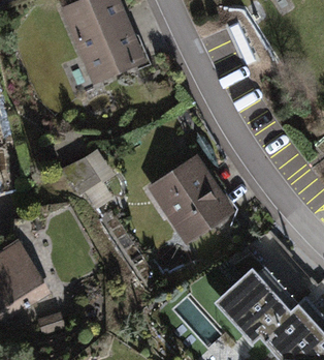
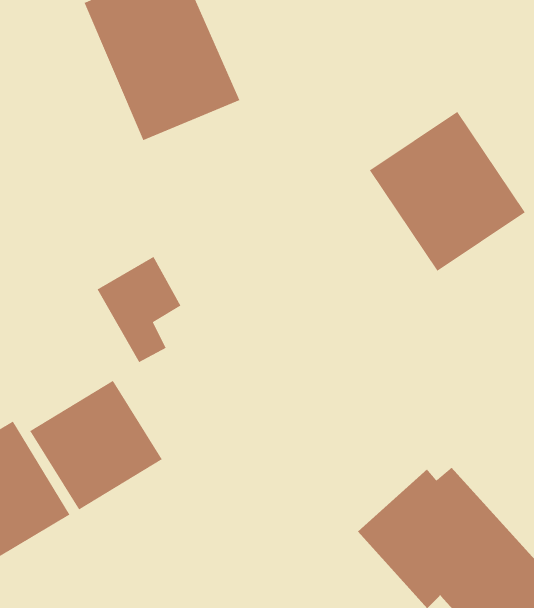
building: [148,154,235,244] -> [369,111,526,272]
building: none -> [29,380,163,510]

